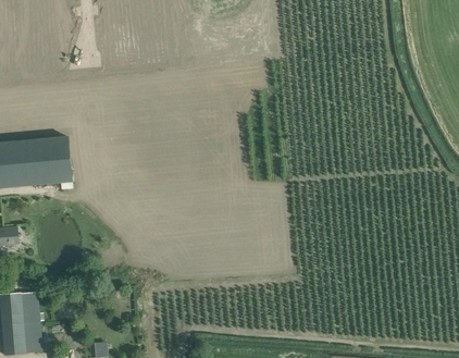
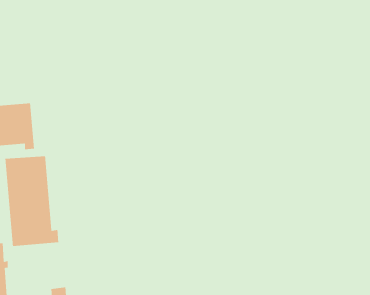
building: none -> [5,155,59,247]

